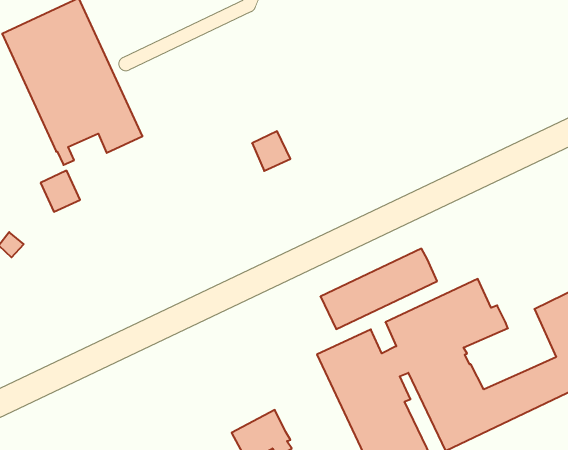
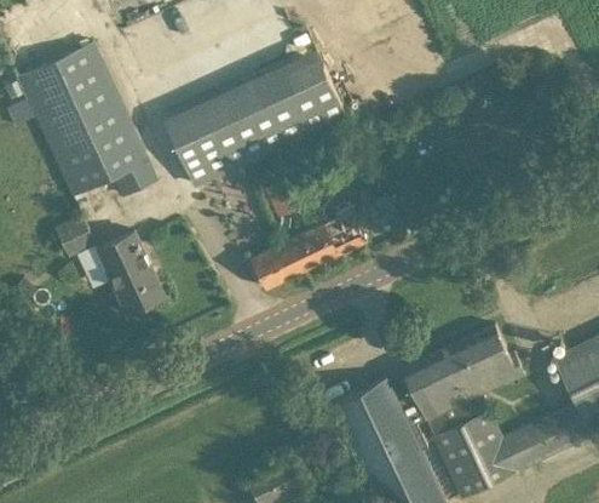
building: none -> [163,48,347,188]
building: none -> [98,232,165,311]
building: [320,249,437,329] -> [250,207,368,288]

